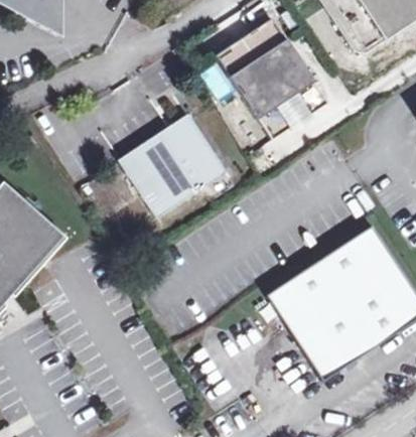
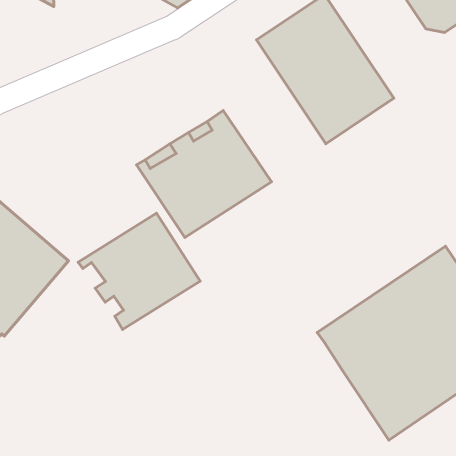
building: none -> [78,213,200,329]

